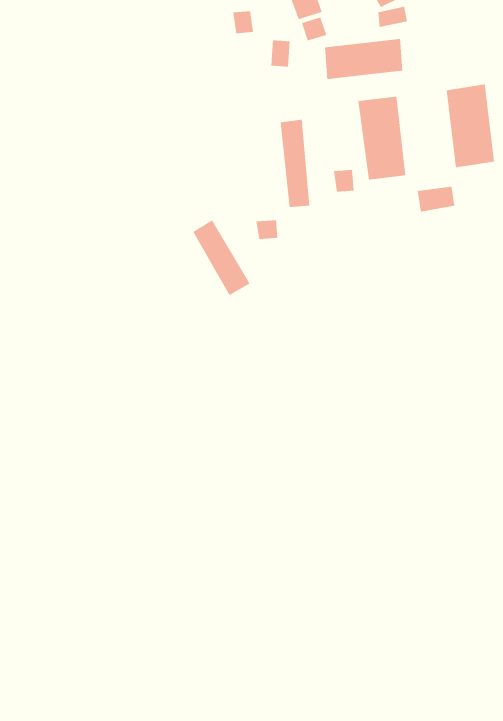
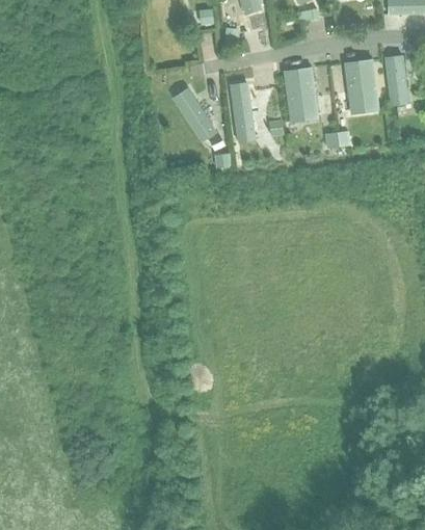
building: [324,38,403,80] -> none
building: [193,220,251,296] -> [175,88,214,140]

